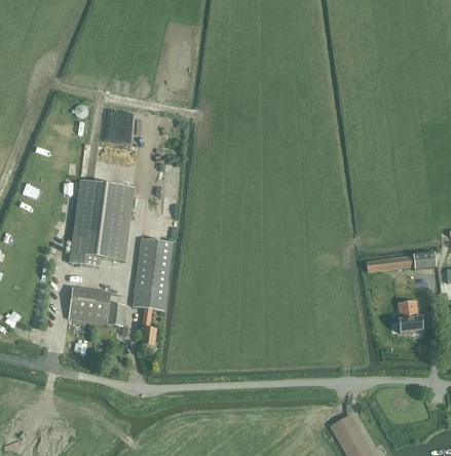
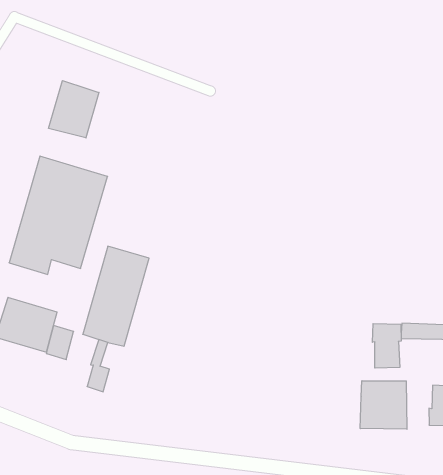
building: none -> [49,81,99,138]
building: none -> [372,324,401,368]
building: none -> [360,381,407,429]

